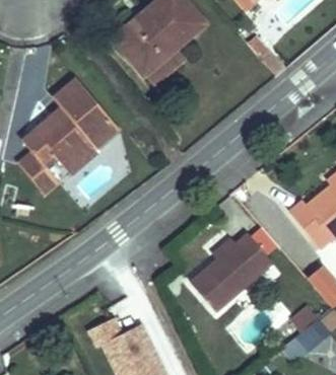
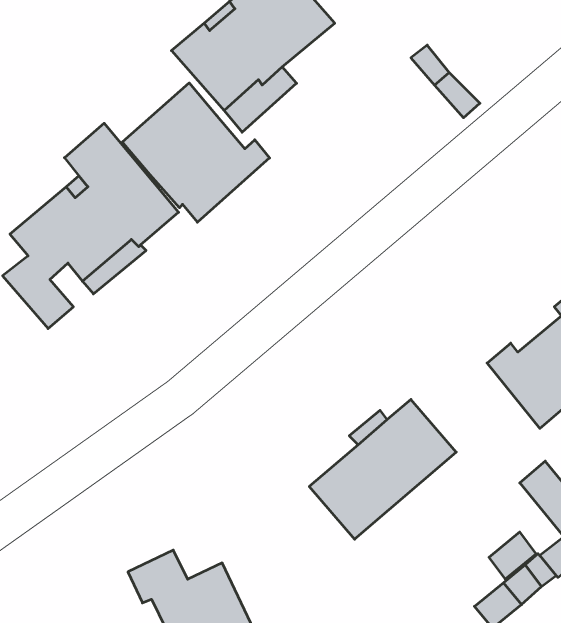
building: none -> [122,83,270,222]

